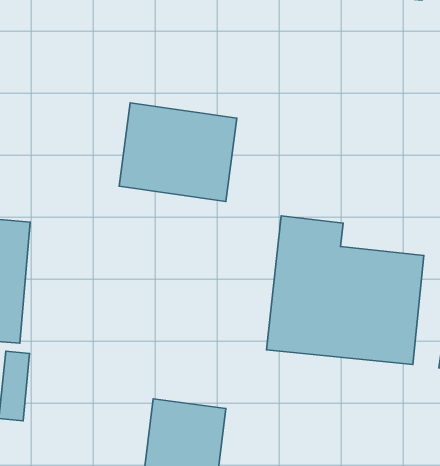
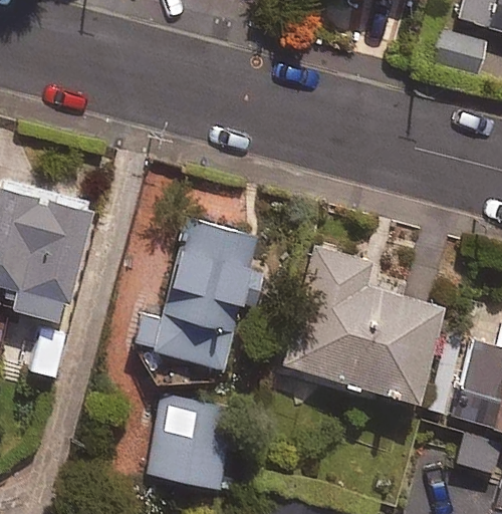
building: [119,103,237,202] -> none
building: none -> [147,217,274,374]

